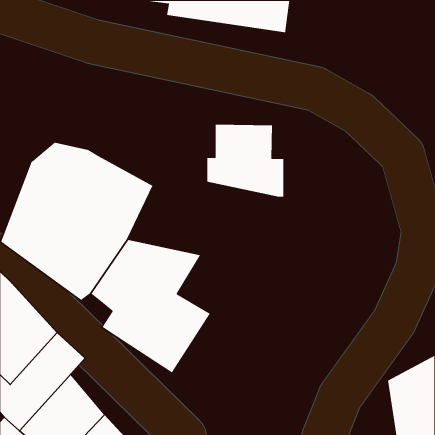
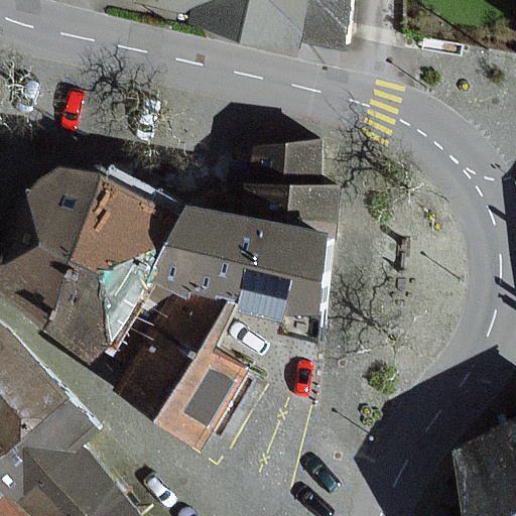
building: none -> [151,207,330,316]

